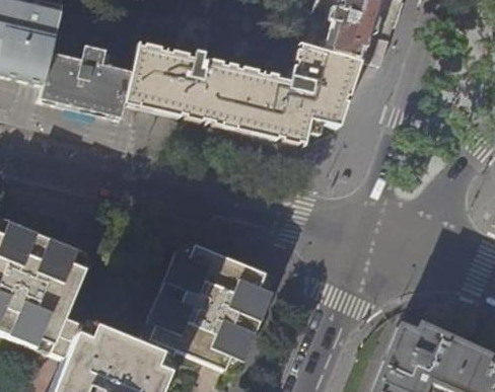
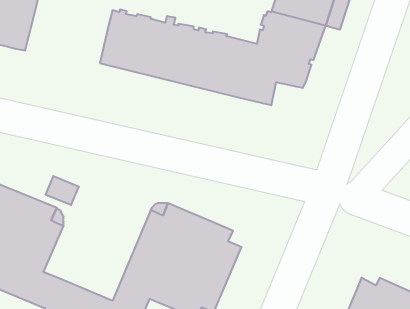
building: [41,41,132,120] -> none

